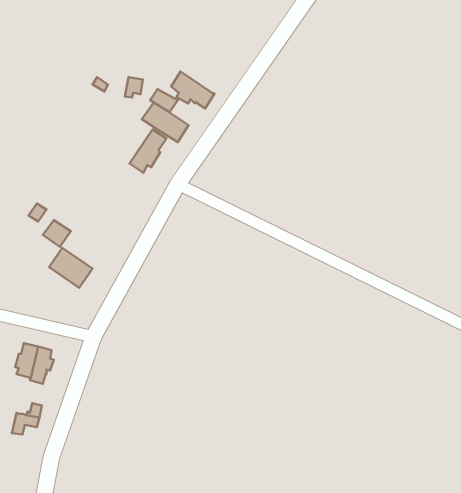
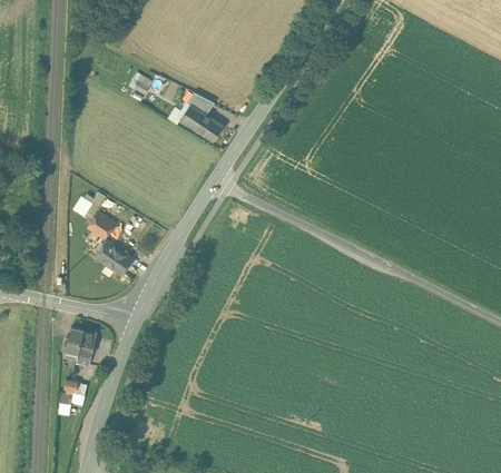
building: [171,72,215,108] -> none
building: [130,129,166,173] -> none

